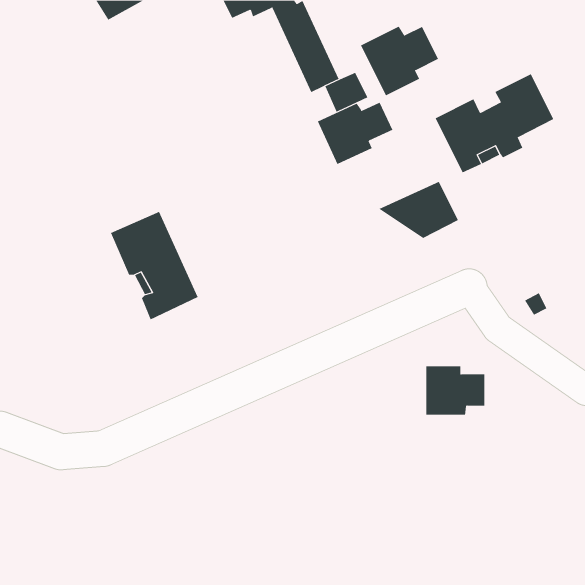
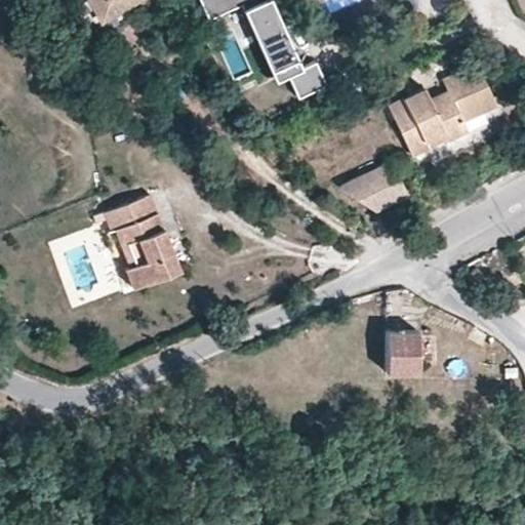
building: [360,26,439,96] -> none
building: [317,102,393,165] -> none

